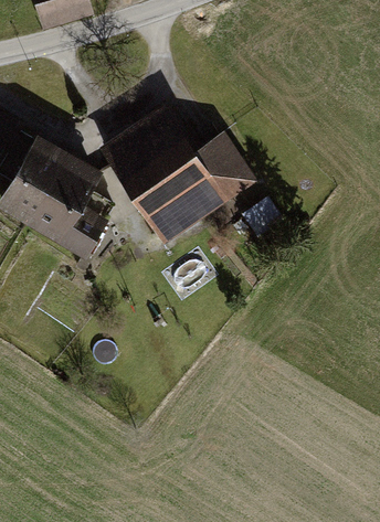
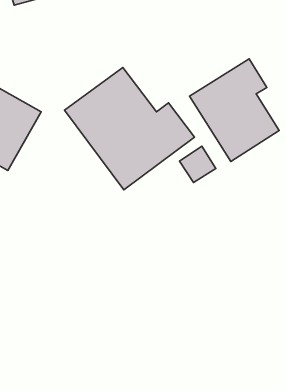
building: none -> [189,59,279,162]
building: [30,153,115,259] -> none

